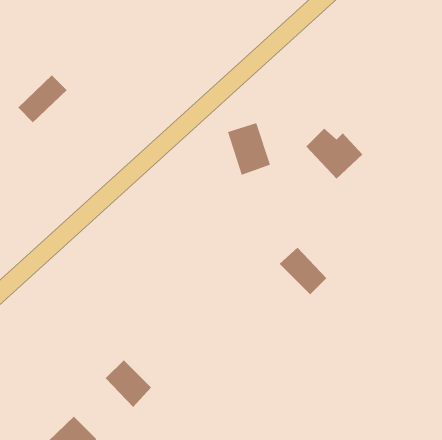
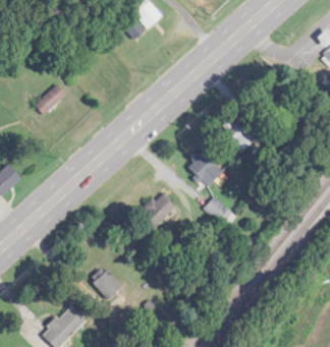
building: [227,122,271,176] -> [189,150,218,184]
building: none -> [141,193,176,225]

